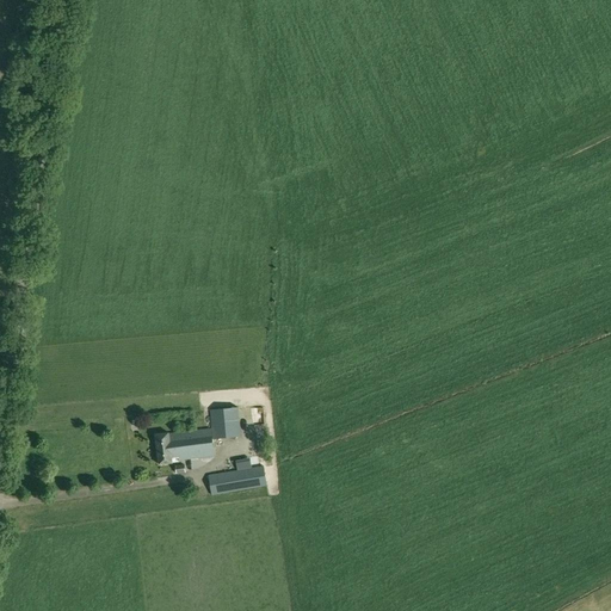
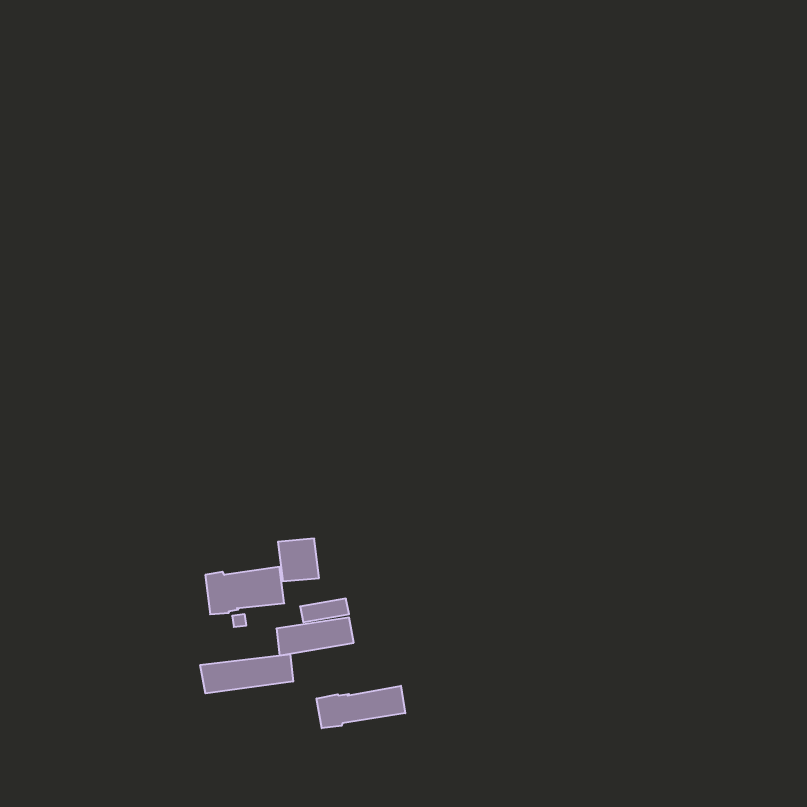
building: none -> [200,654,293,693]
building: none -> [317,686,405,728]

